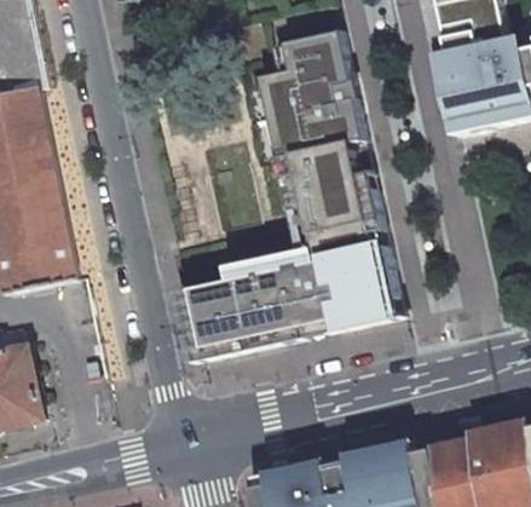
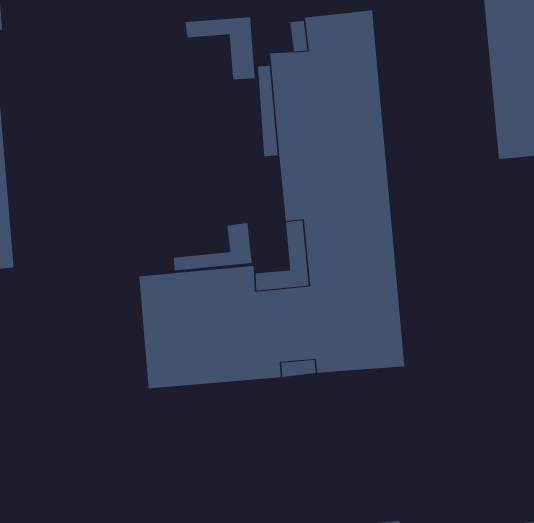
building: none -> [185,17,255,80]
building: none -> [173,222,252,271]

